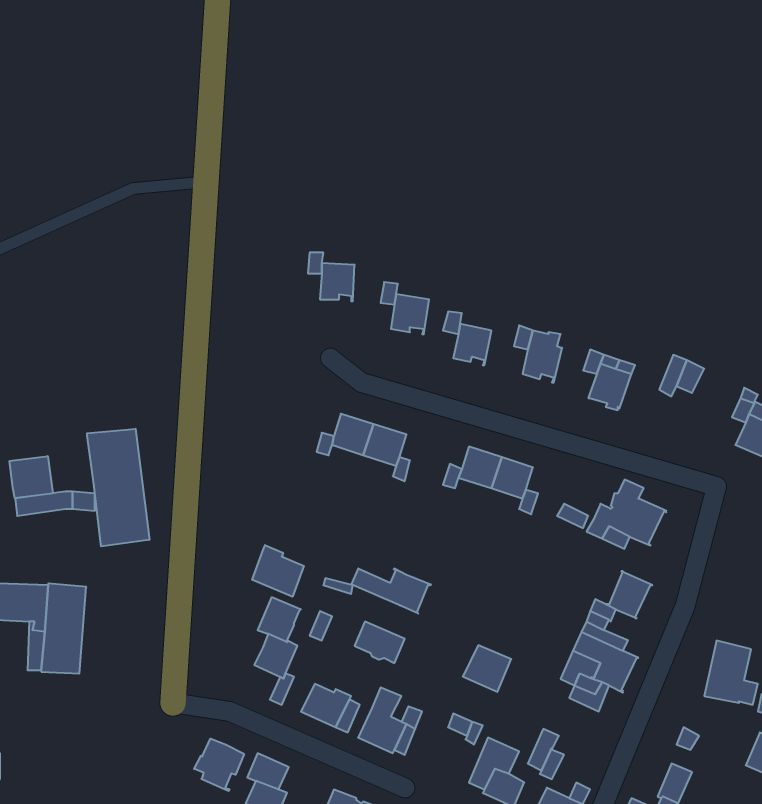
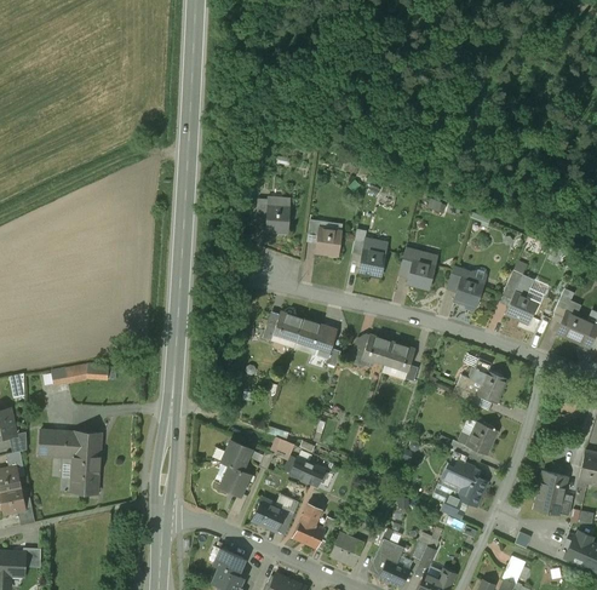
building: none -> [505,292,538,323]
building: [87,429,149,546] -> none
building: [10,456,53,498] -> none
building: [252,545,304,597] -> none
building: [351,568,431,614] -> none
building: [463,645,511,692] -> [329,532,363,565]
building: [194,739,244,791] -> none

